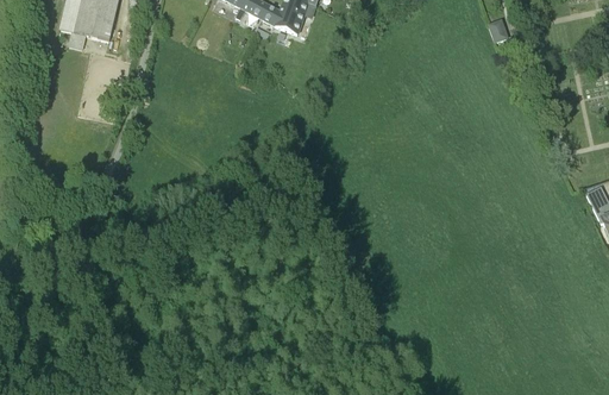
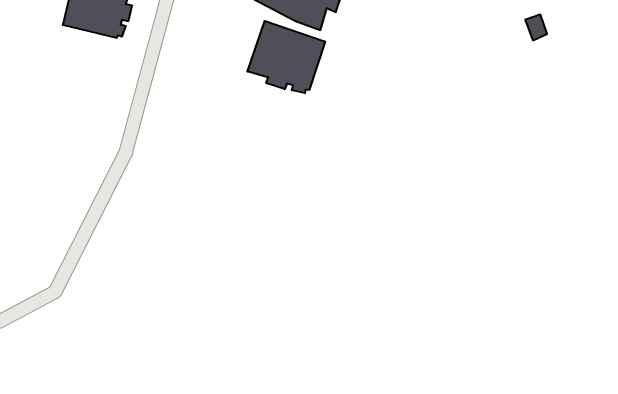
building: none -> [247,21,325,93]

